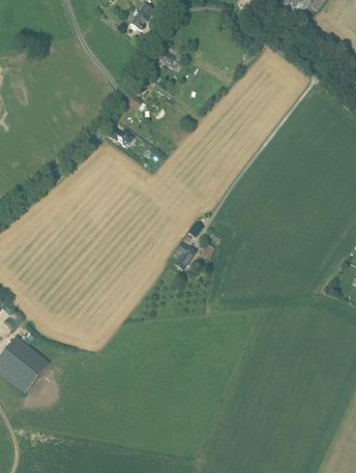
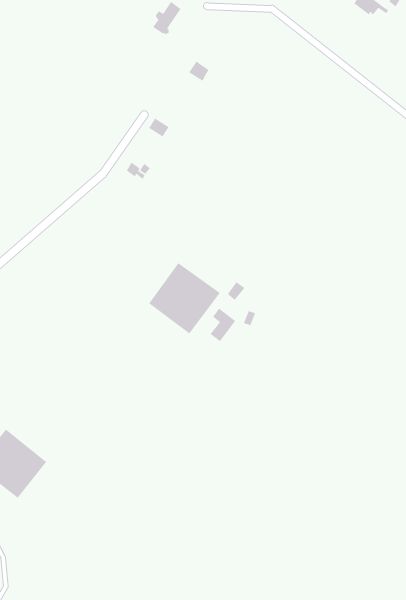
building: none -> [148,262,221,334]

